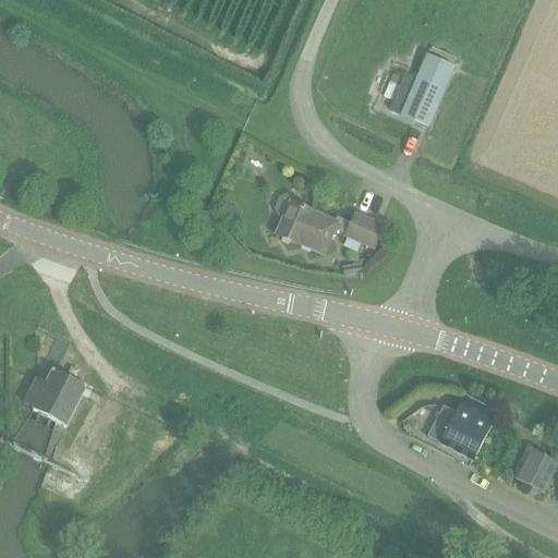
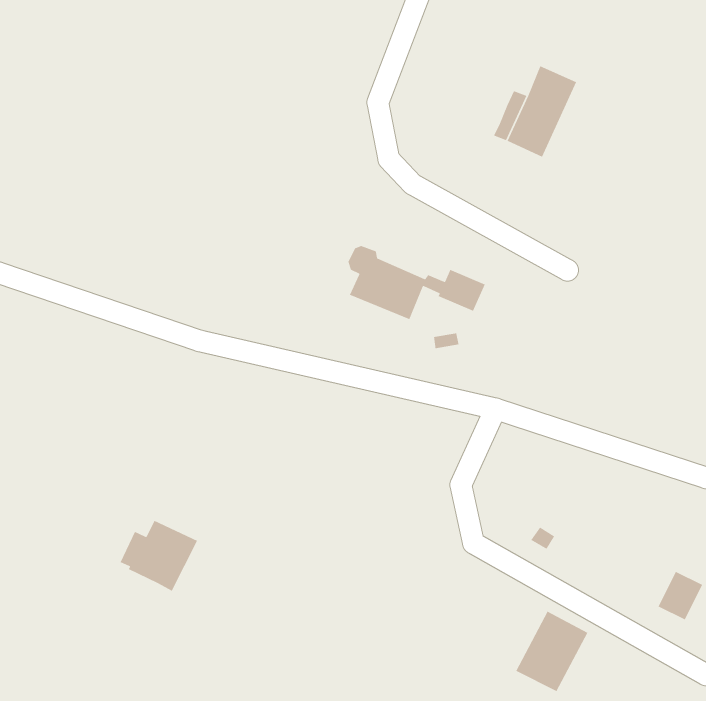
building: [24,367,86,424] -> [119,520,198,592]
building: [438,393,496,458] -> [515,610,589,692]

